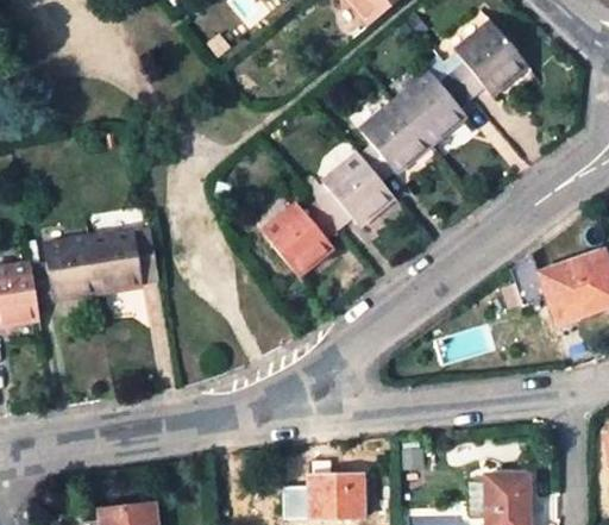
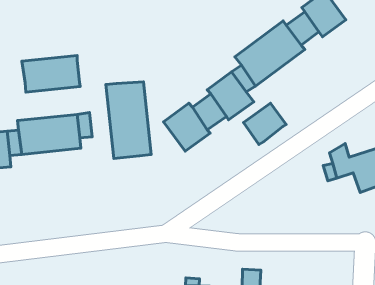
building: none -> [22,55,80,92]
building: none -> [106,82,151,158]
building: none -> [243,103,286,145]

